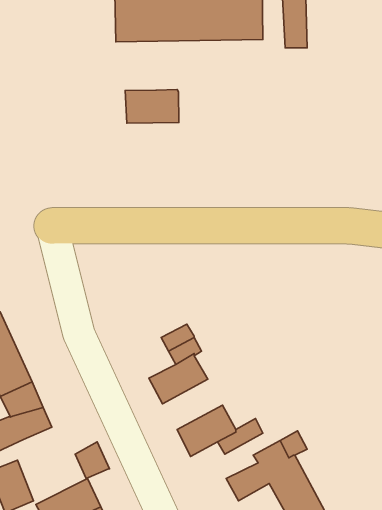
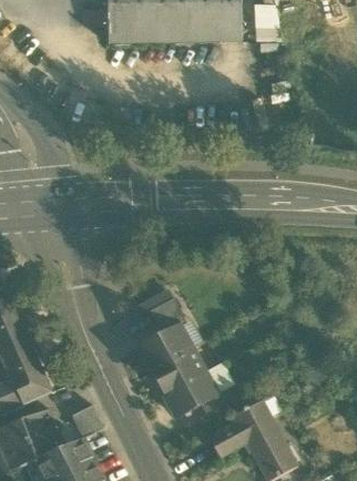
building: [125,90,179,123] -> none
building: none -> [150,347,204,392]
building: none -> [19,408,63,457]

